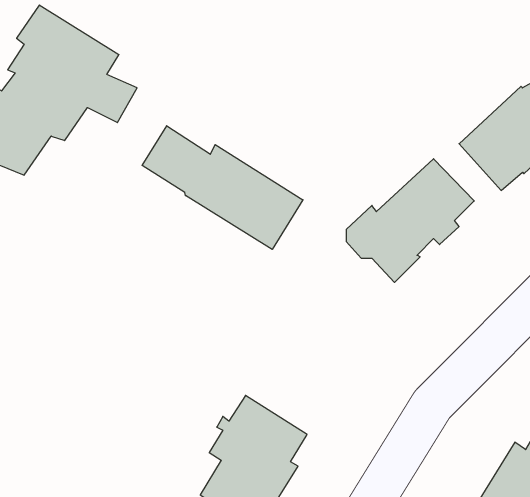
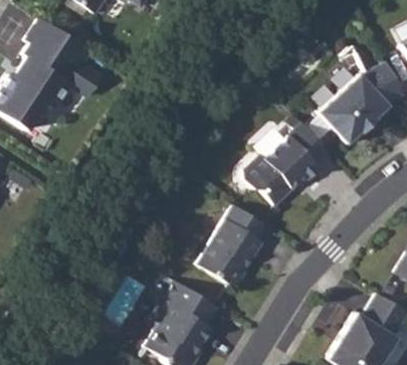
building: [142,126,303,249] -> none
building: none -> [198,204,266,287]

